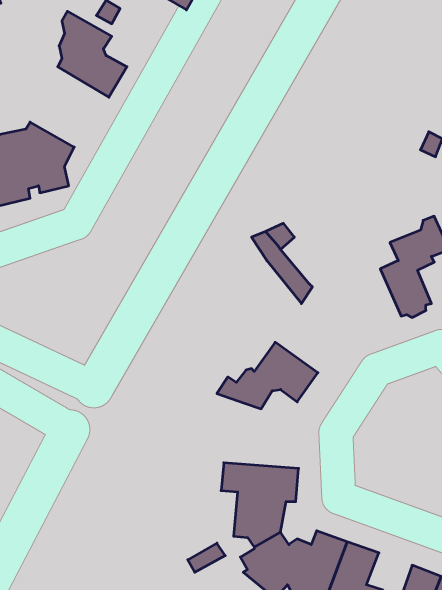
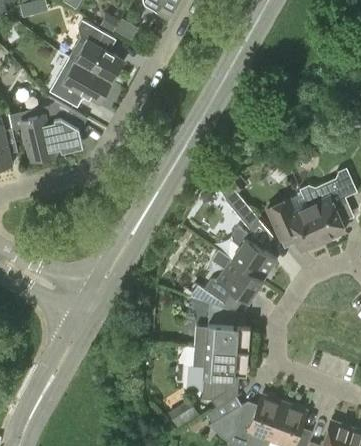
building: none -> [50,61,112,107]
building: none -> [265,199,323,252]
building: none -> [232,228,278,282]
building: none -> [195,304,251,351]

